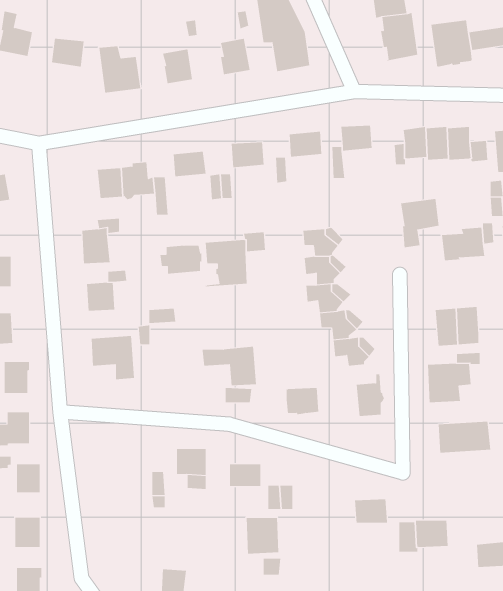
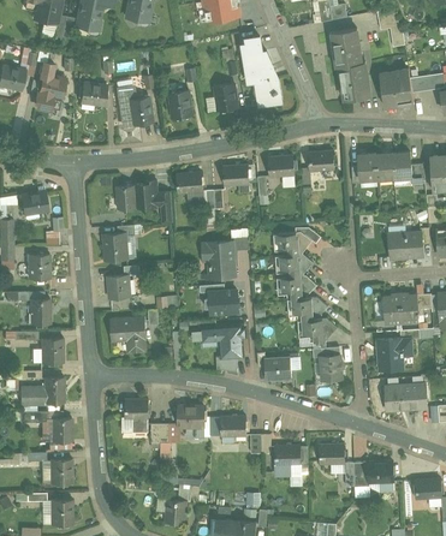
building: [400,198,439,248] -> none
building: [160,245,202,274] -> [204,291,238,314]
building: none -> [121,400,147,431]
building: [246,518,279,554] -> [274,447,301,476]

